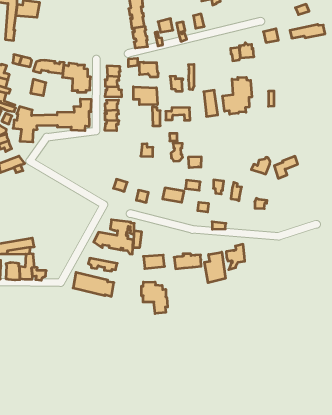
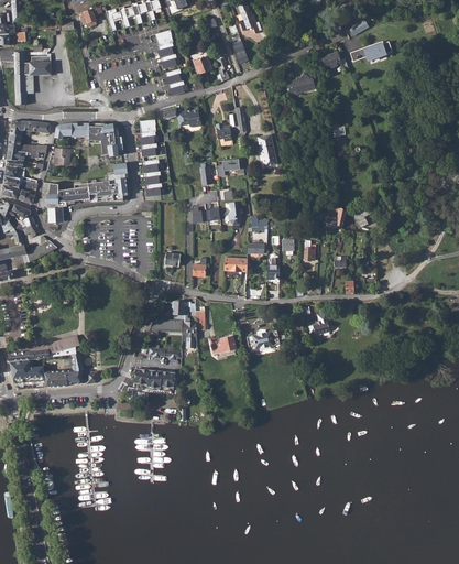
building: [223,77,252,114] -> none
building: [133,87,157,105] -> none
building: [204,252,225,283] -> none
building: [141,282,168,314] -> none

